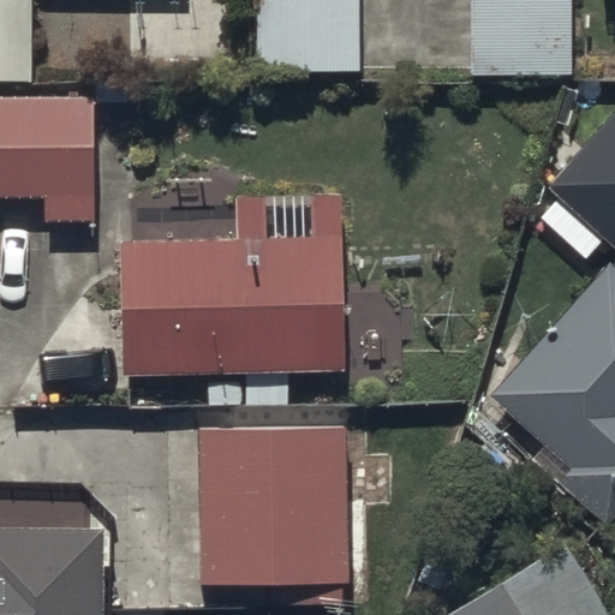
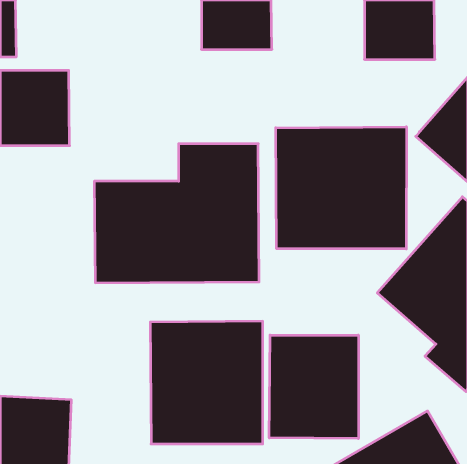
building: none -> [276,127,406,249]
building: none -> [269,335,358,439]

